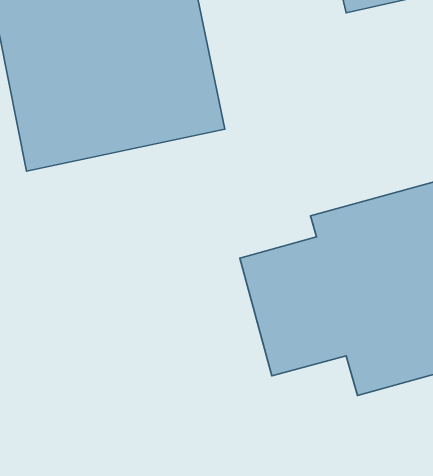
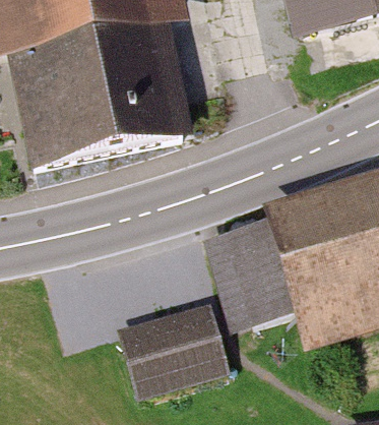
building: none -> [125,310,229,398]

